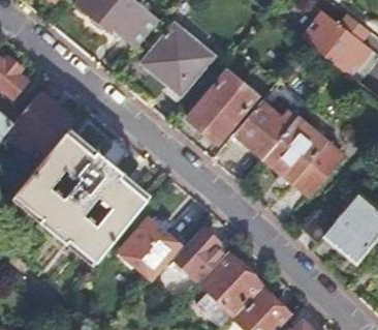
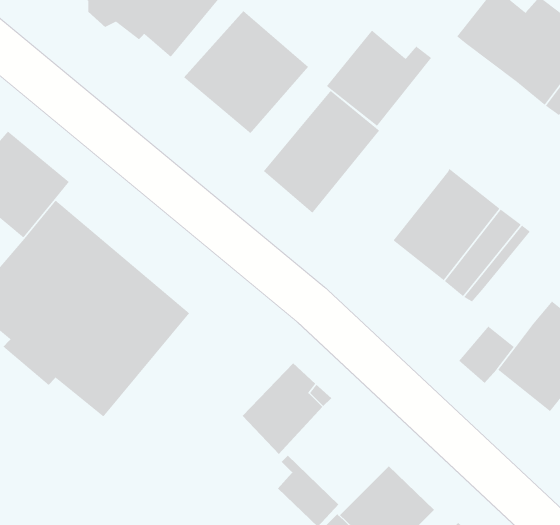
building: [233,100,295,157] -> [326,29,432,127]
building: [119,216,178,277] -> none
building: [202,256,259,311] -> none

